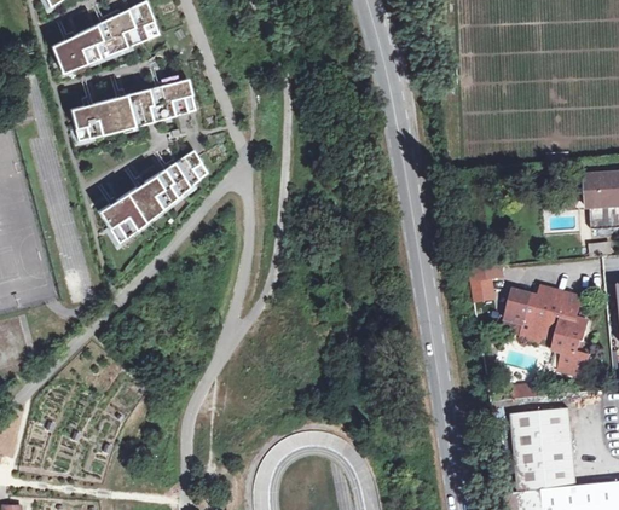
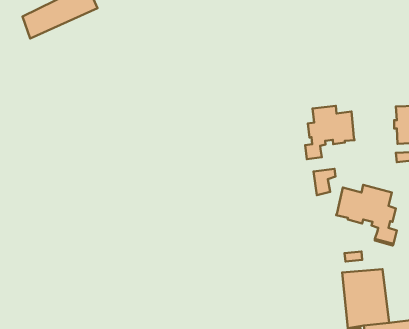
building: [69,77,195,139] -> none
building: [97,150,207,243] -> none
building: none -> [305,106,354,159]

